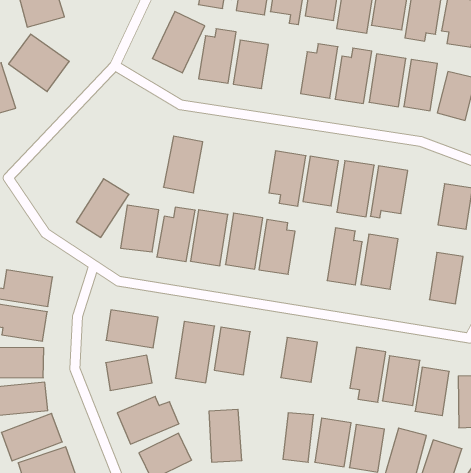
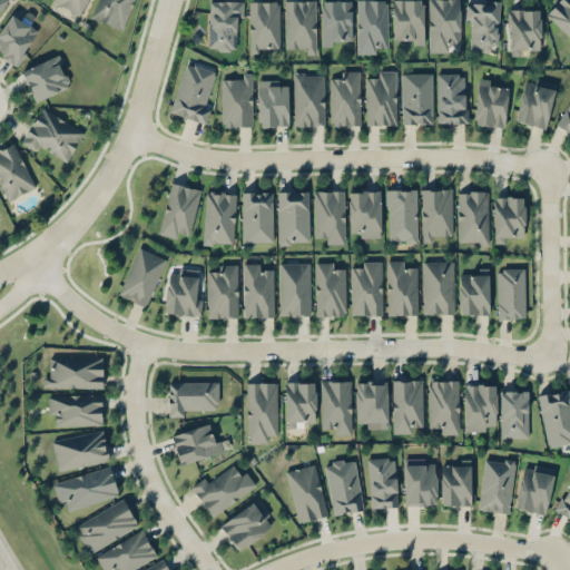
building: none -> [293,72,325,127]
building: none -> [159,183,202,239]
building: none -> [242,193,273,243]
building: none -> [278,190,309,244]
building: none -> [459,190,489,245]
building: none -> [352,263,383,316]
building: none -> [460,272,489,315]
building: none -> [320,381,352,434]
building: none -> [392,381,423,434]
building: none -> [326,460,363,515]

